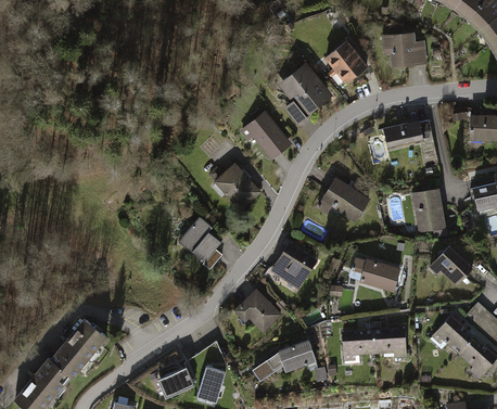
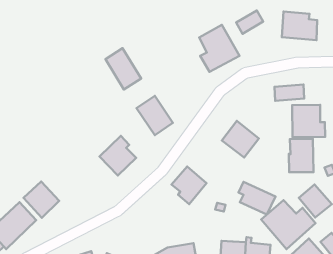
building: [335,51,370,84] -> none
building: [246,108,294,159] -> [105,48,141,89]
building: none -> [292,105,325,137]
building: none -> [261,200,316,249]
building: none -> [24,182,59,218]
building: [233,290,279,332] -> none

